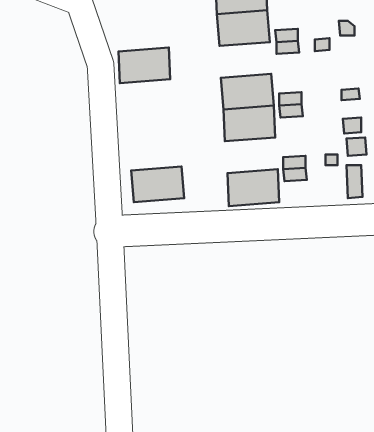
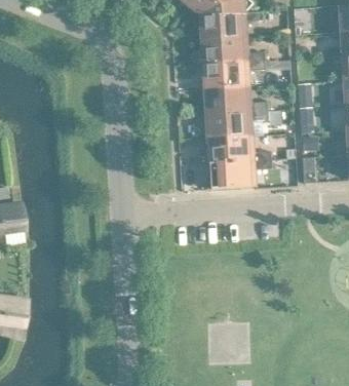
building: [119,47,170,83] -> [204,61,244,88]
building: [131,167,184,202] -> [208,134,249,162]

